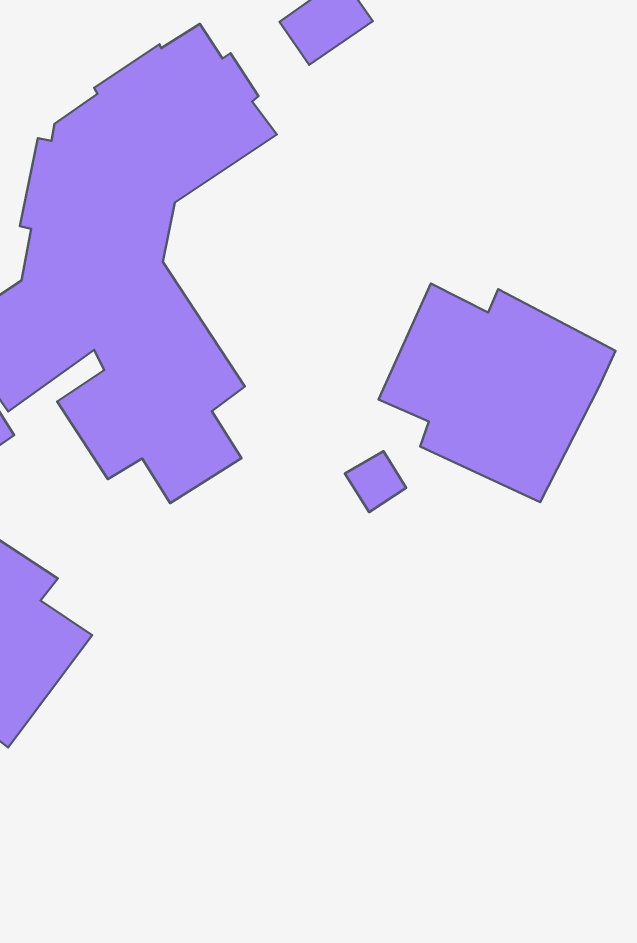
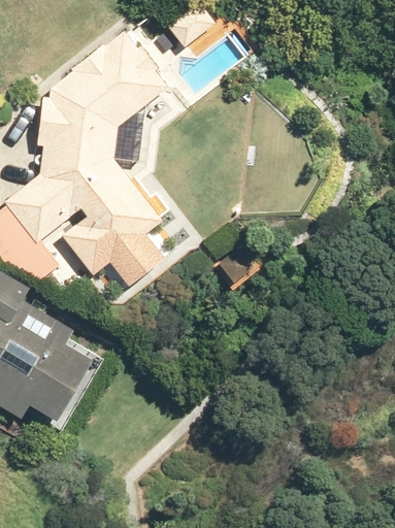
building: [379,283,616,502] -> none

